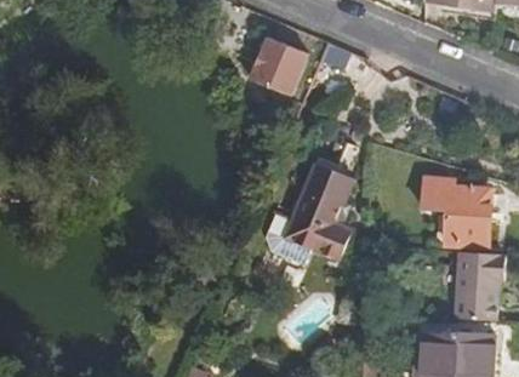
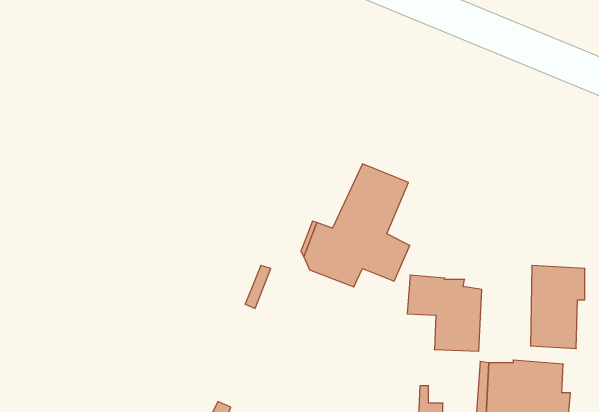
building: [250,39,307,95] -> none
building: [426,178,489,242] -> [407,275,482,351]

